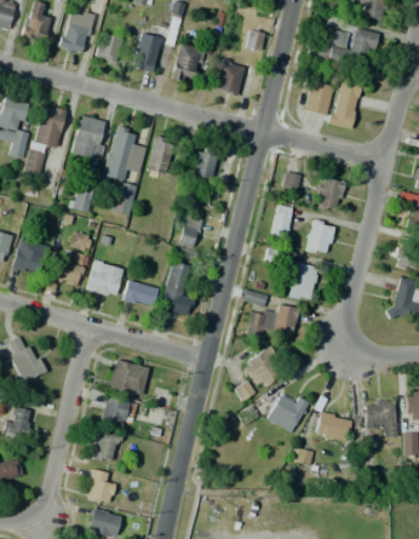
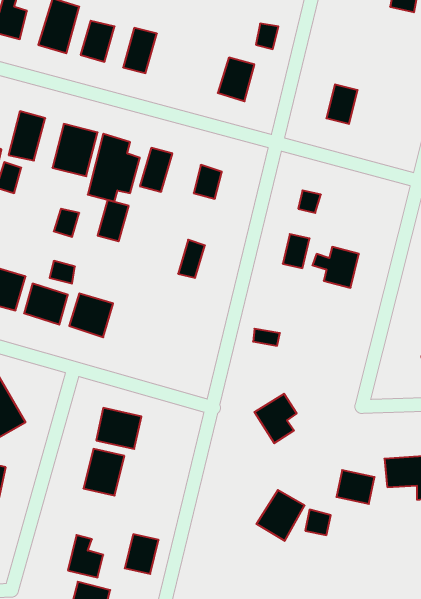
building: [312,27,378,68] -> none
building: [171,38,205,84] -> none
building: [328,75,366,130] -> none
building: [314,176,345,212] -> none
building: [159,260,193,317] -> none
building: [287,262,317,302] -> none
building: [124,281,159,308] -> none
building: [247,303,298,336] -> none
building: [266,389,308,432] -> [256,490,305,541]
building: [92,430,121,464] -> [125,534,159,574]

